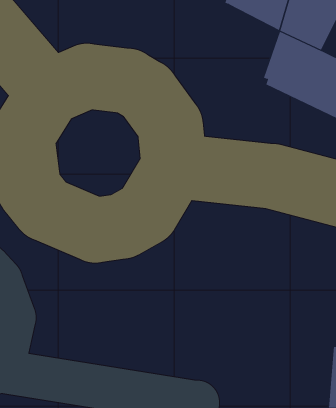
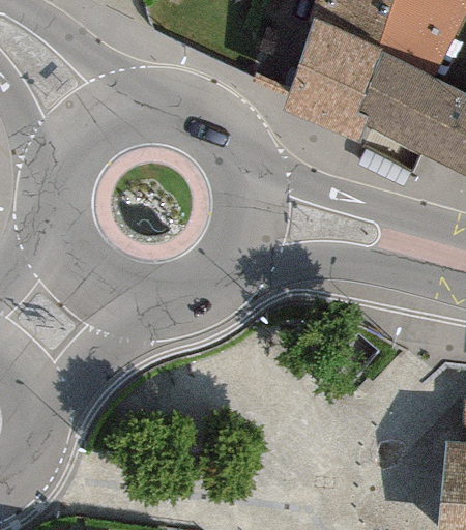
building: none -> [290,22,378,126]

